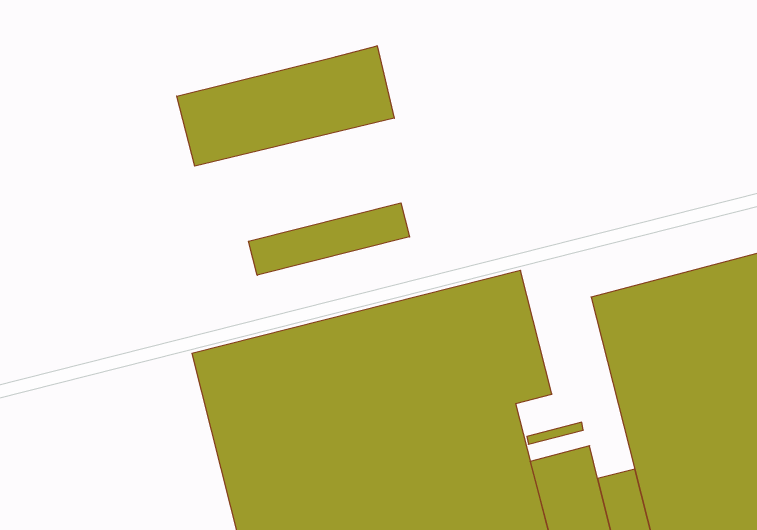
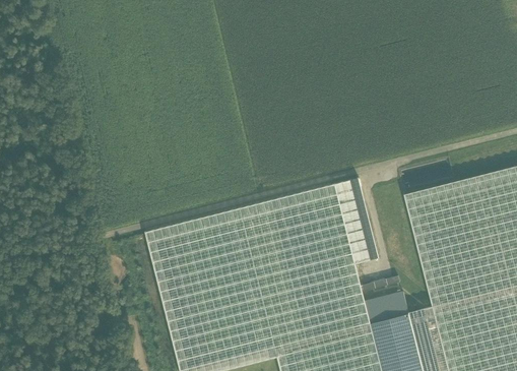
building: [177,46,394,166] -> none
building: [248,203,410,275] -> none

